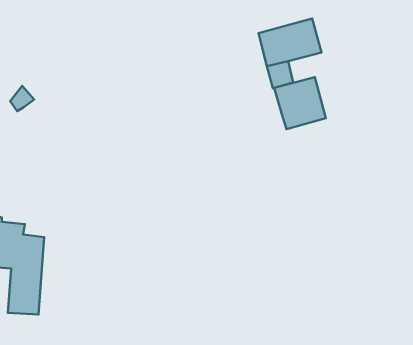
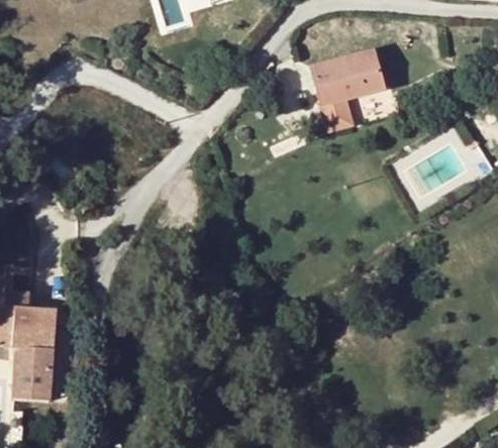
building: [274,77,326,129] -> none

